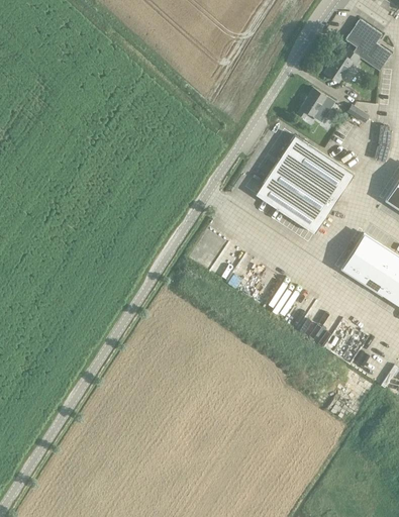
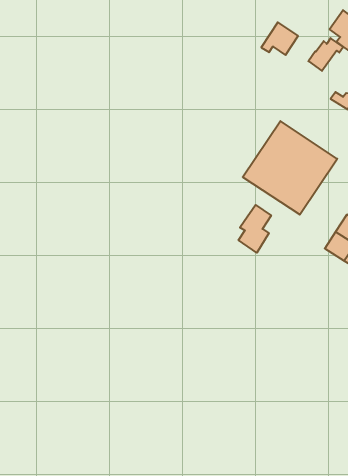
building: [297,89,335,123] -> [261,22,298,55]
building: none -> [239,205,271,253]

